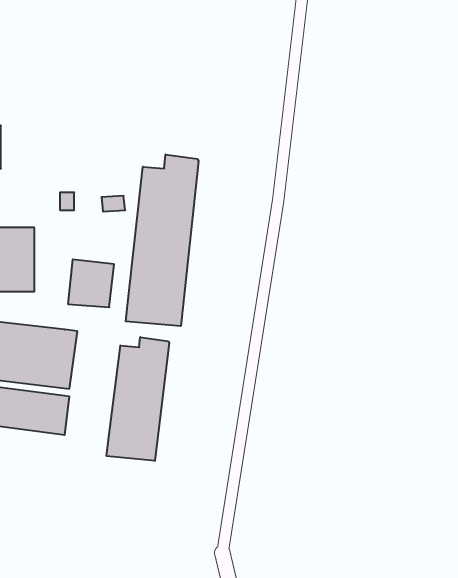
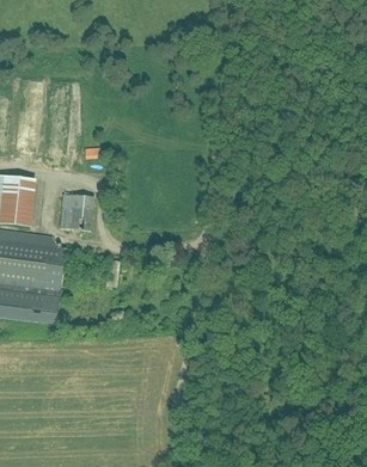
building: [126,154,198,326] -> none
building: [107,337,169,461] -> none

